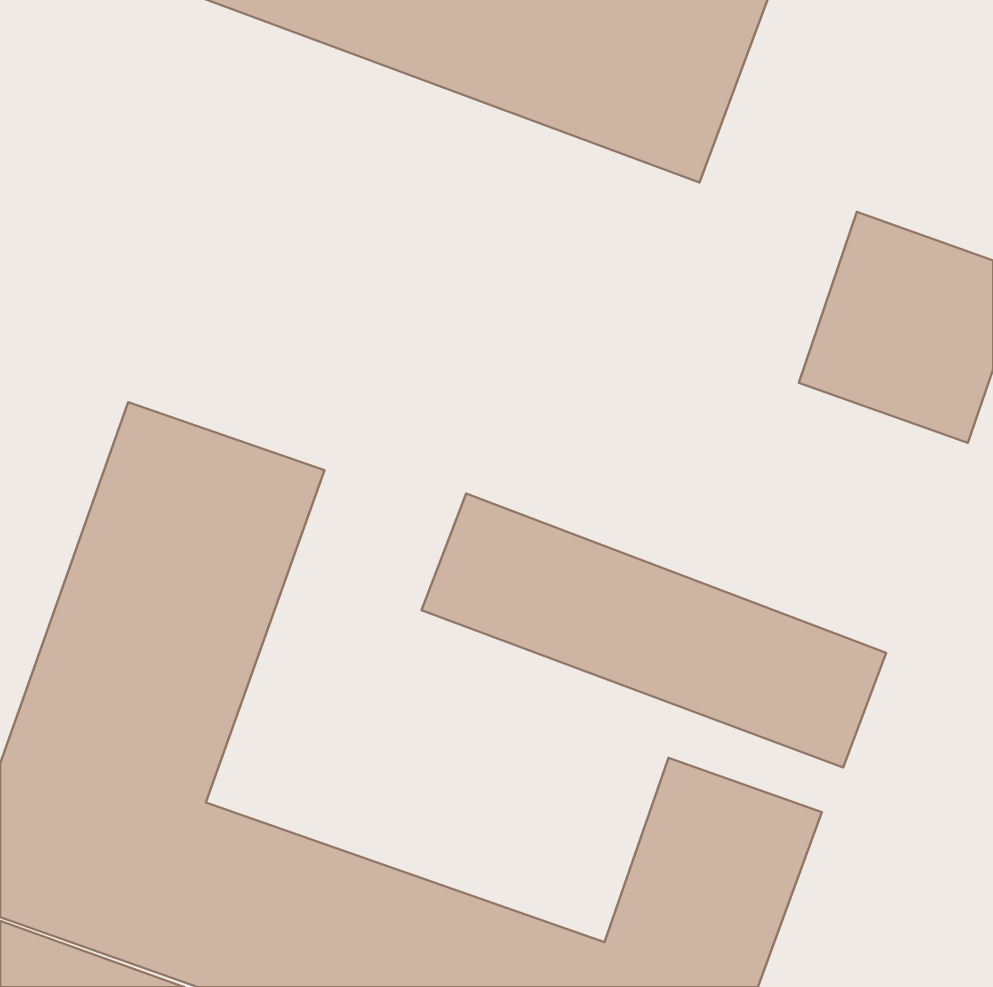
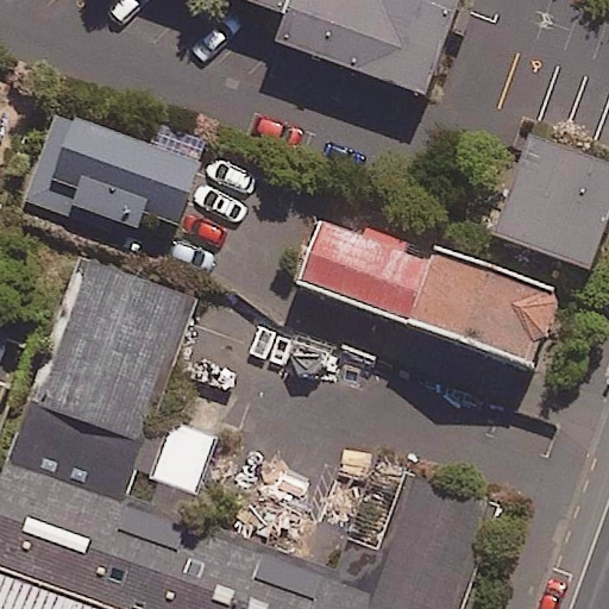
building: none -> [27,106,200,224]
building: [422,493,886,767] -> [283,213,567,381]

